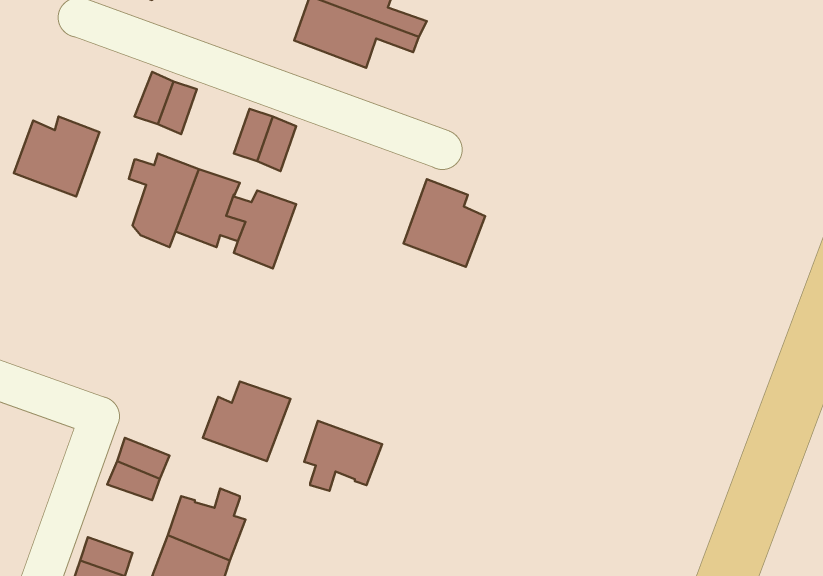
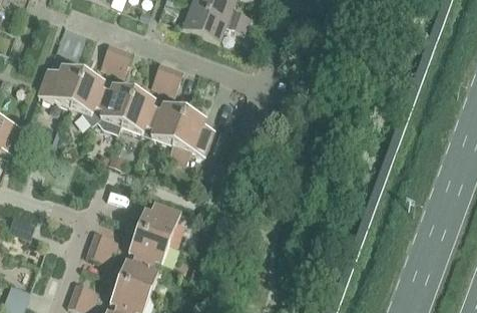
building: none -> [70,72,106,121]
building: [403,179,485,267] -> [171,109,213,154]
building: [304,421,382,491] -> [128,230,168,266]

